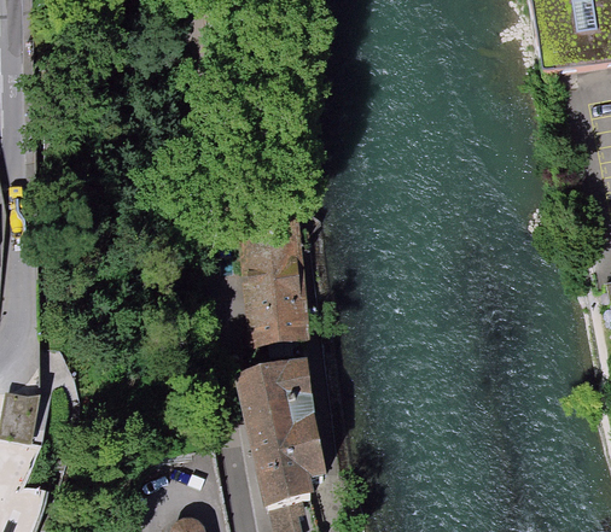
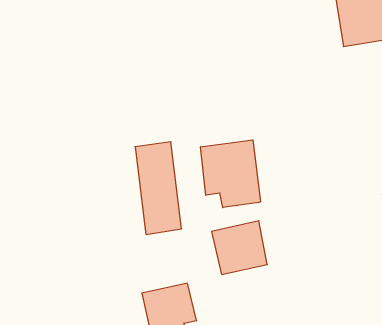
building: none -> [201,140,260,208]
building: [234,356,315,434] -> [212,221,267,274]

